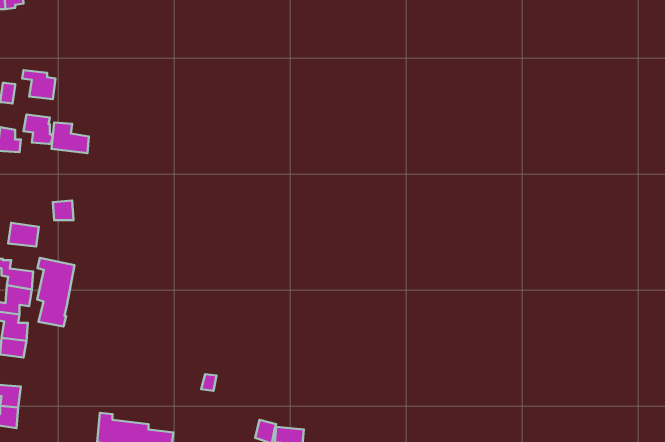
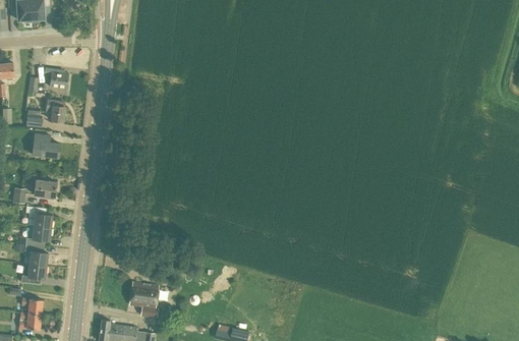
building: [51,123,89,153] -> [33,134,60,157]
building: [37,258,75,326] -> none
building: none -> [129,282,159,317]

